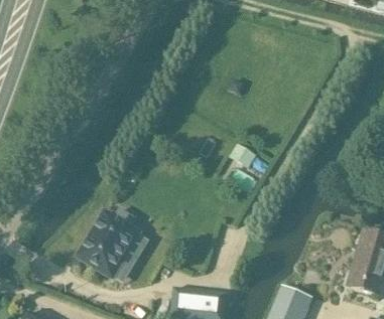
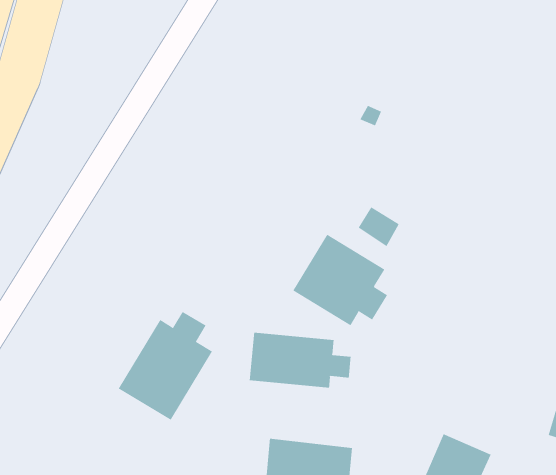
building: none -> [293,234,388,326]
building: none -> [249,332,351,389]

